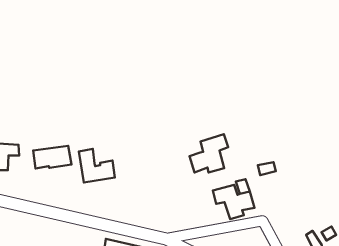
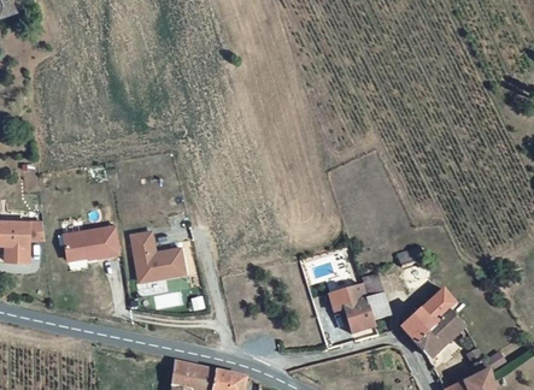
building: [190,134,228,173] -> none
building: none -> [401,290,463,358]

